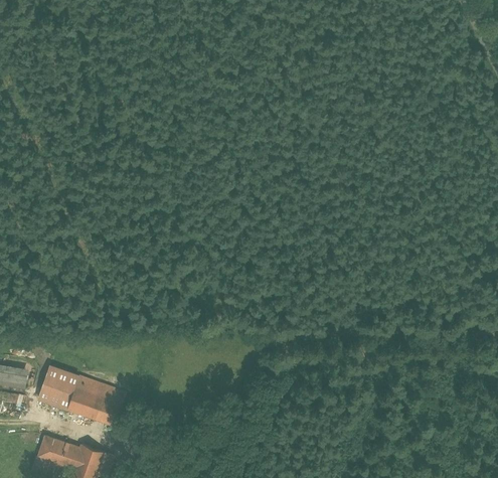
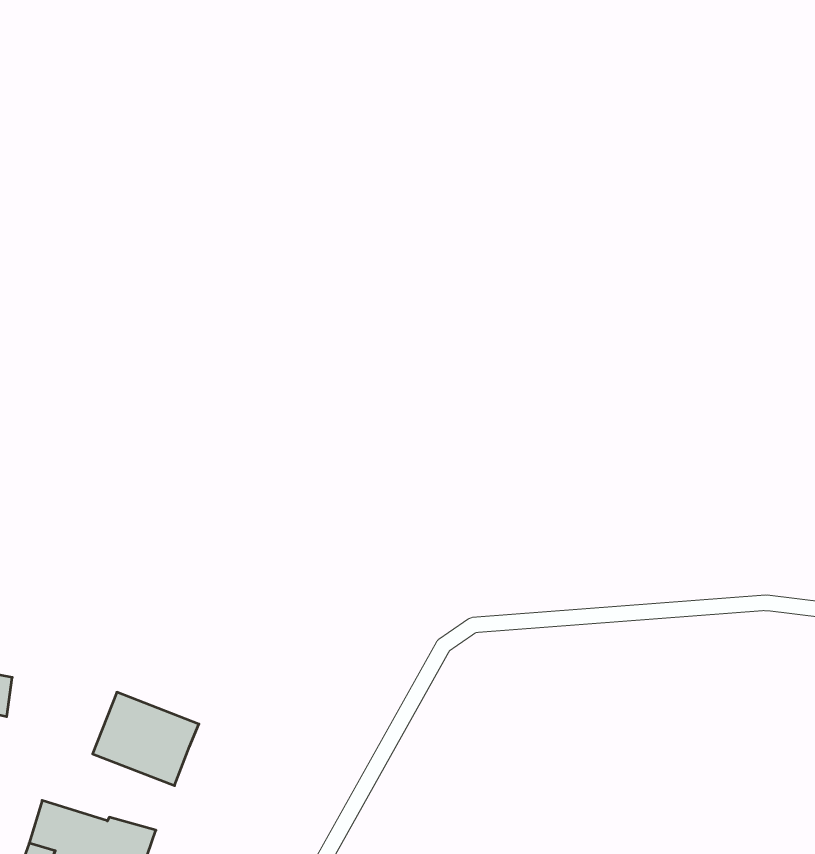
building: [37,364,81,410] -> none

